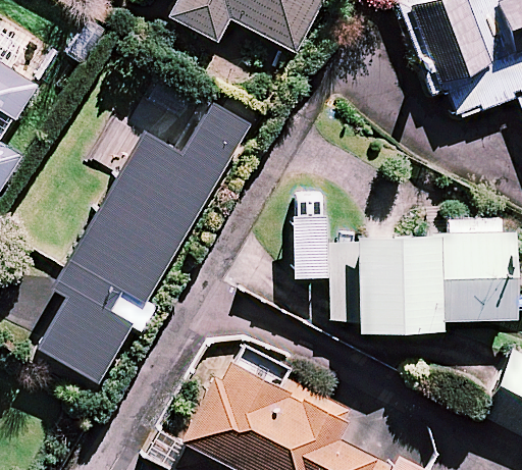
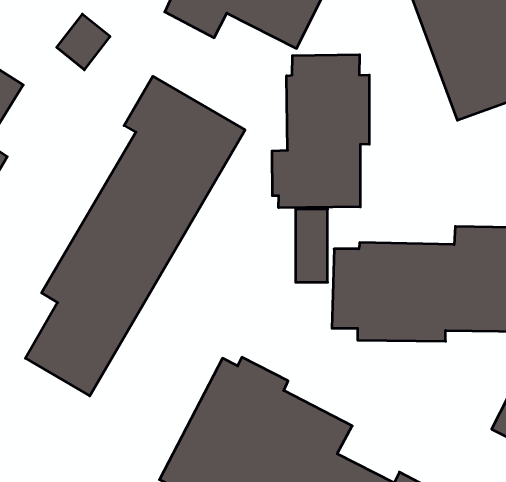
building: none -> [272,55,369,208]

